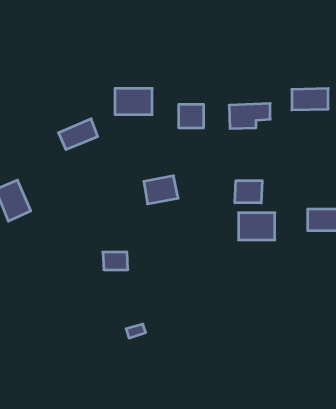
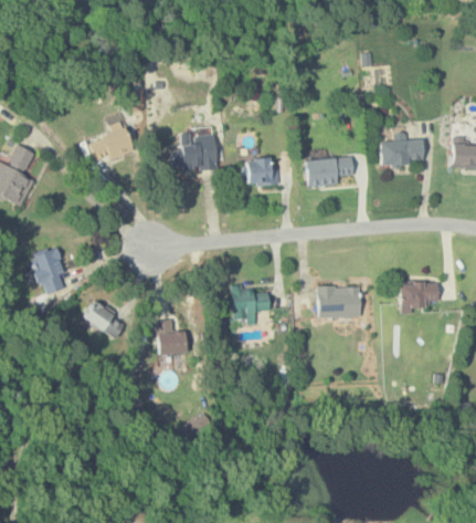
building: [58,119,98,150] -> [87,126,134,163]
building: [144,176,178,204] -> [232,285,273,318]
building: [235,181,262,203] -> none
building: none -> [82,302,124,339]

